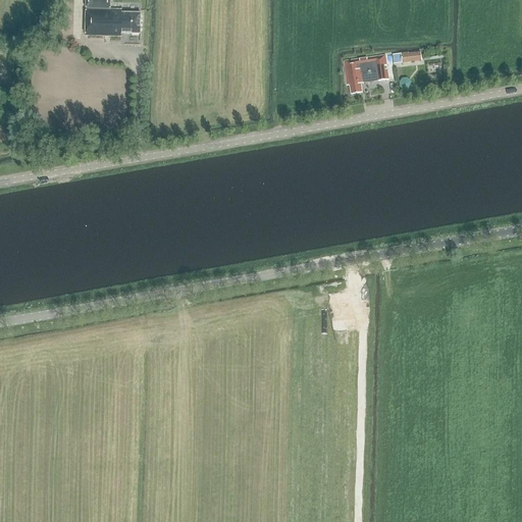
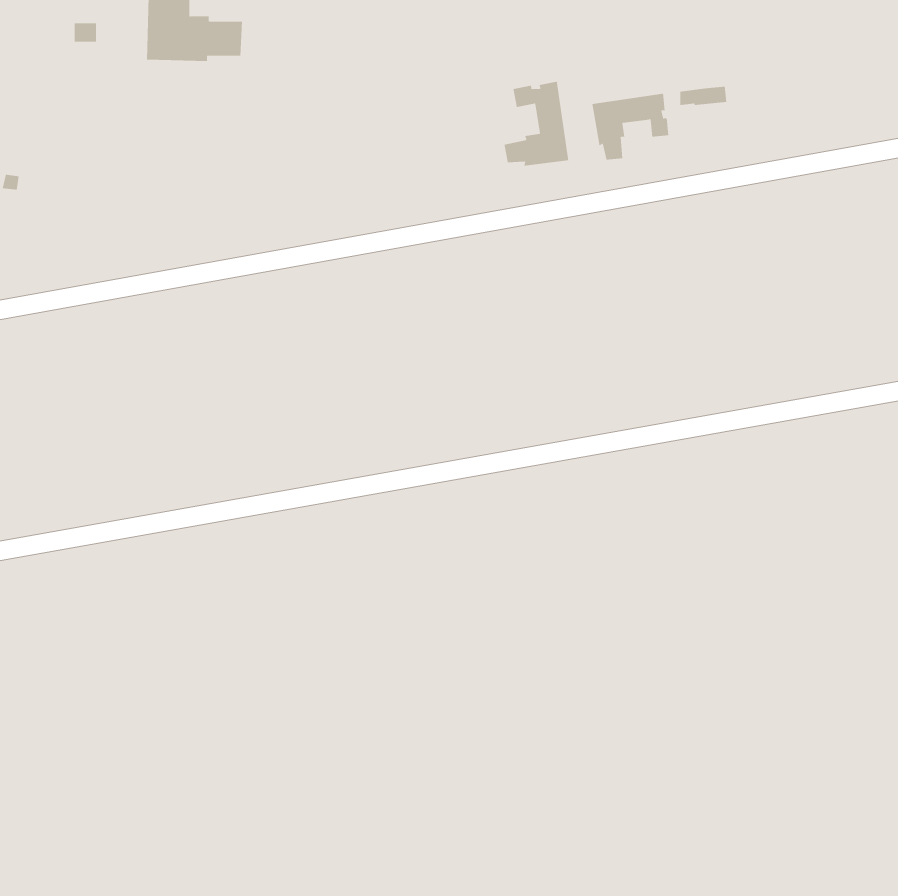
building: none -> [504,81,569,166]

